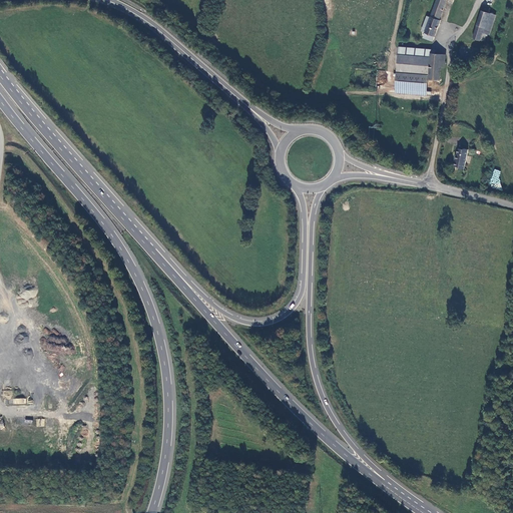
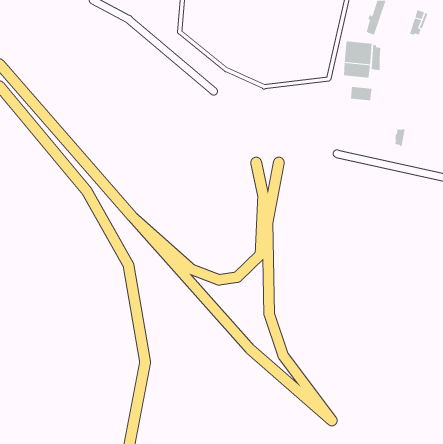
building: none -> [351,86,372,101]

